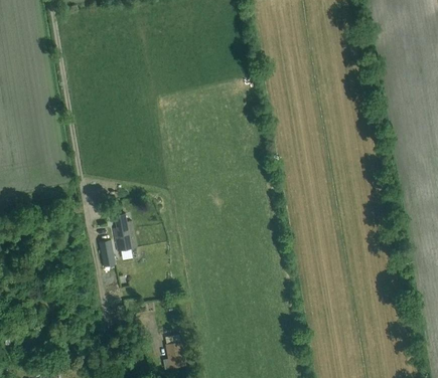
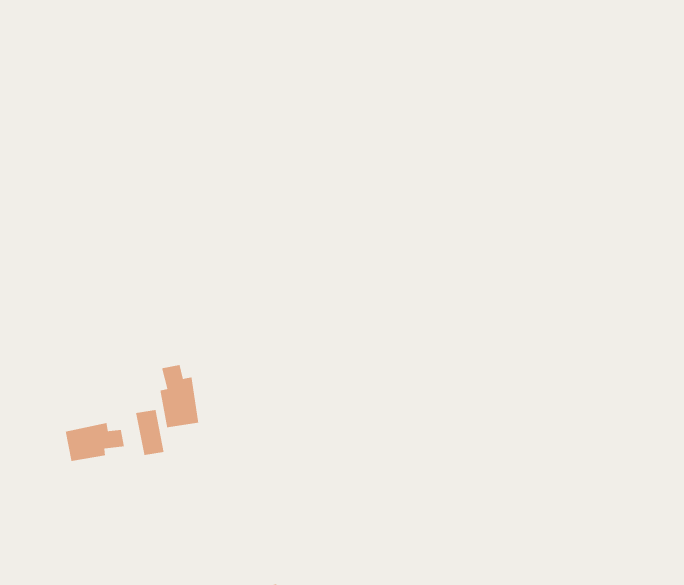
building: none -> [65,422,125,462]

